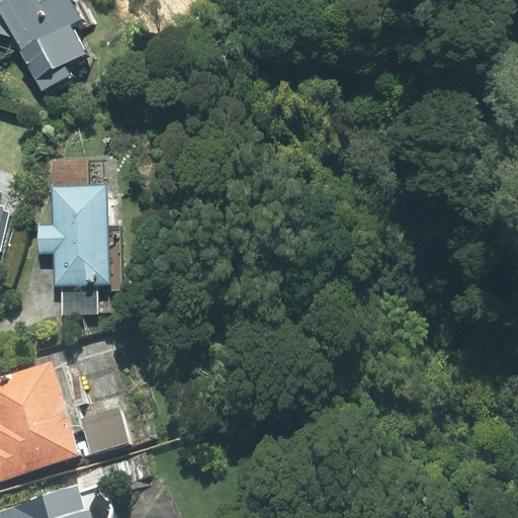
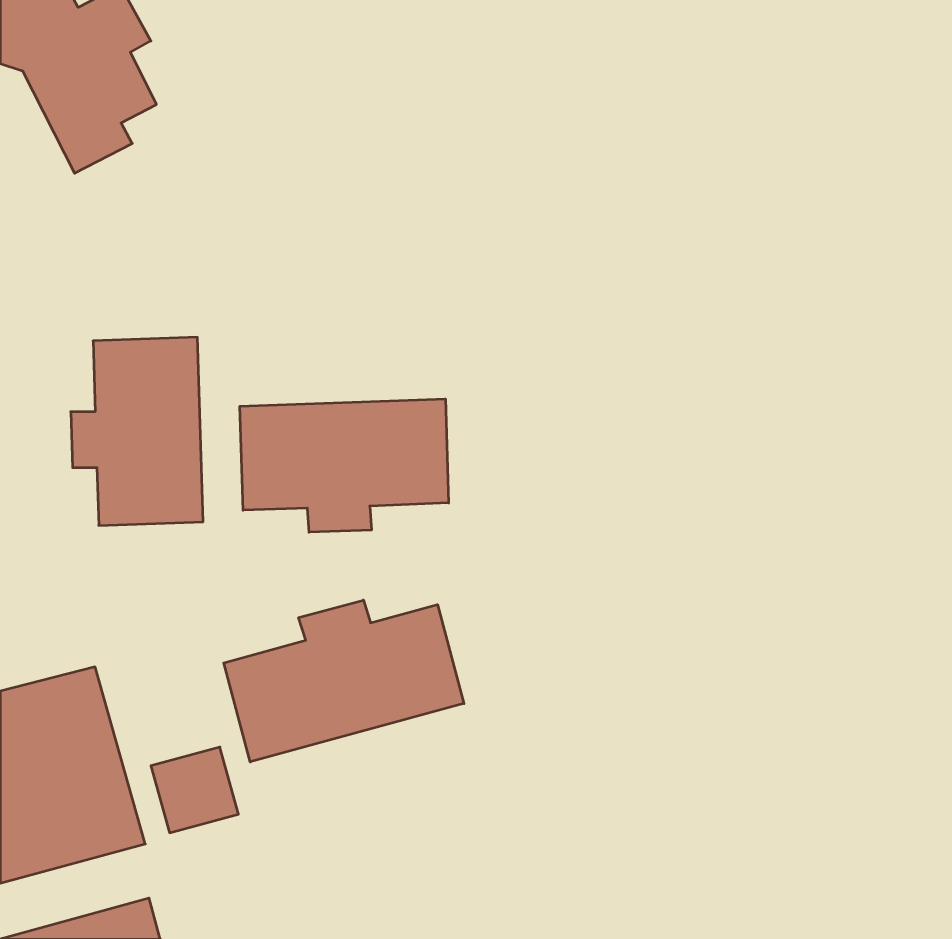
building: none -> [240,399,449,532]
building: none -> [224,600,464,762]

